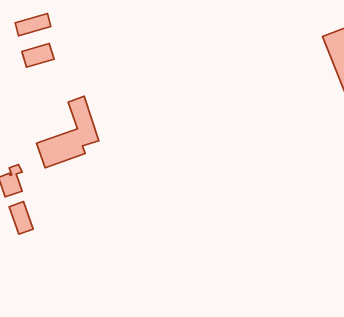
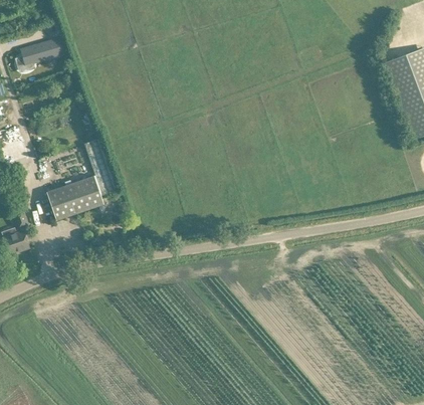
building: [22,44,54,67] -> none
building: [9,201,33,234] -> none

